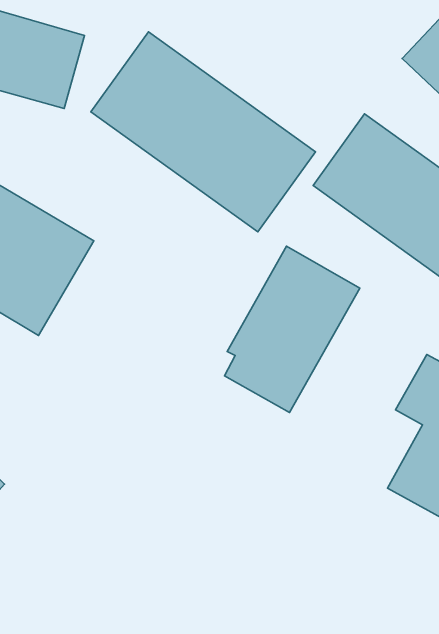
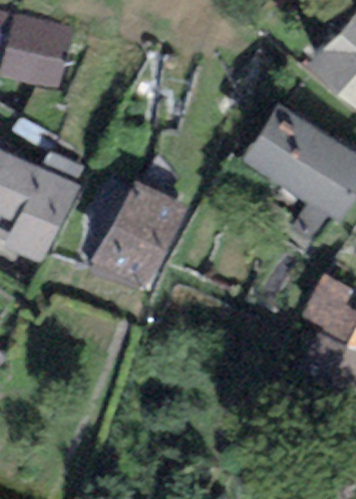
building: [91,32,316,232] -> none
building: [224,246,360,412] -> [89,177,190,300]

